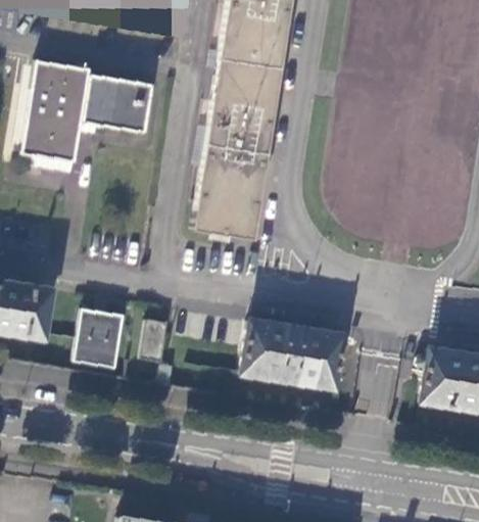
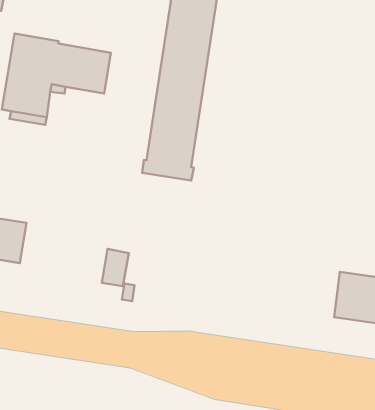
building: [74,310,126,370] -> none
building: [243,323,345,390] -> none

